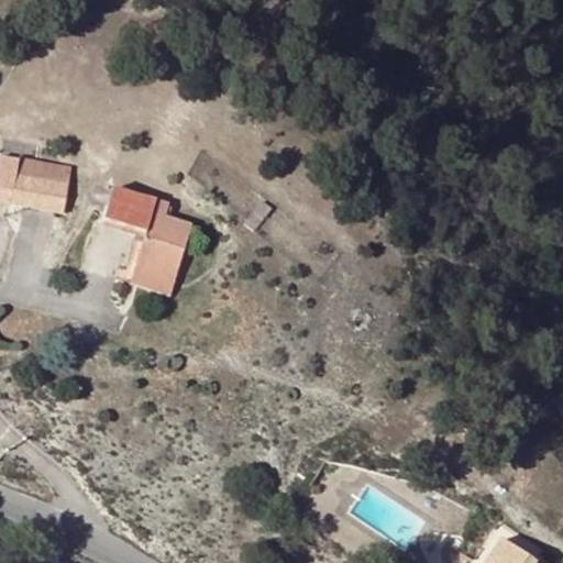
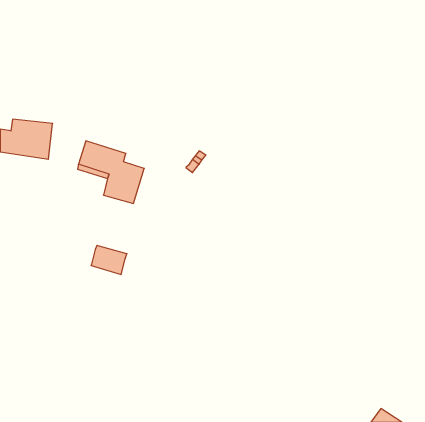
building: [130,257,177,296] -> [91,245,127,275]

